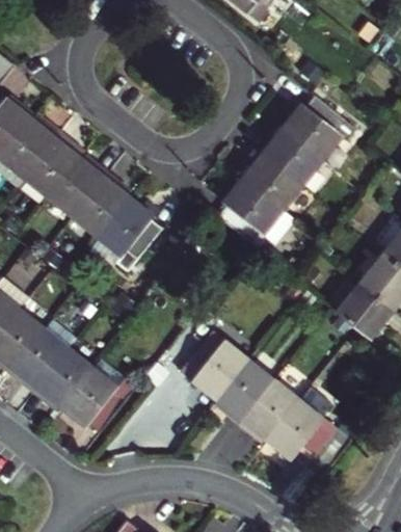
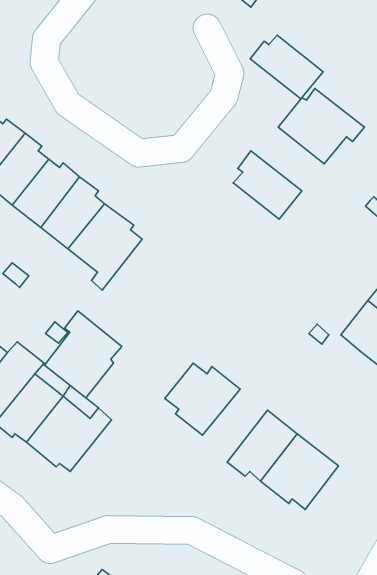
building: [259,129,323,185] -> [250,35,323,99]
building: [218,178,284,250] -> none
building: none -> [44,311,122,398]
building: [216,360,273,424] -> none

